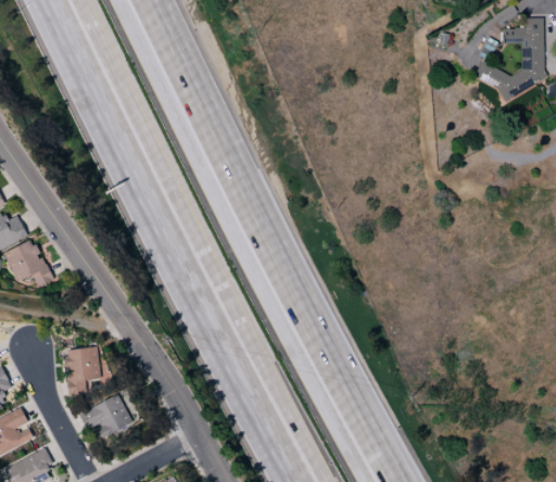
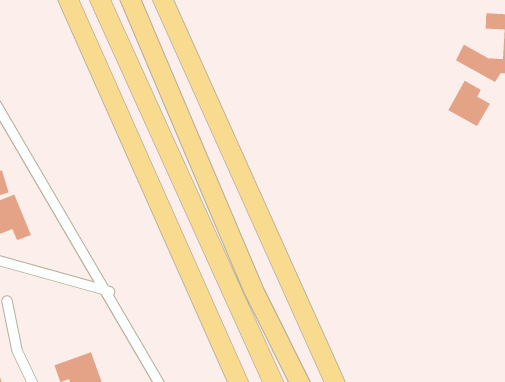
building: none -> [447,80,491,127]
building: [64,346,102,396] -> none

